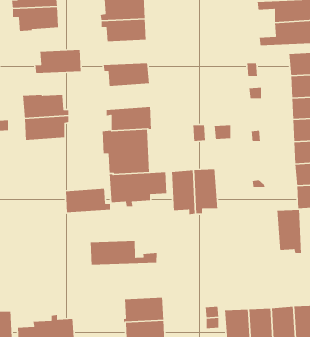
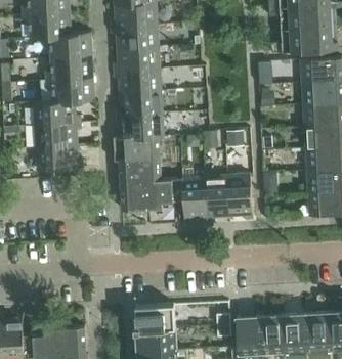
building: none -> [43,32,91,57]
building: none -> [114,46,159,71]
building: none -> [46,78,93,102]
building: none -> [116,90,162,116]
building: [65,188,111,213] -> [36,144,82,170]
building: [276,209,302,254] -> [226,174,252,219]
building: [90,240,157,265] -> none

